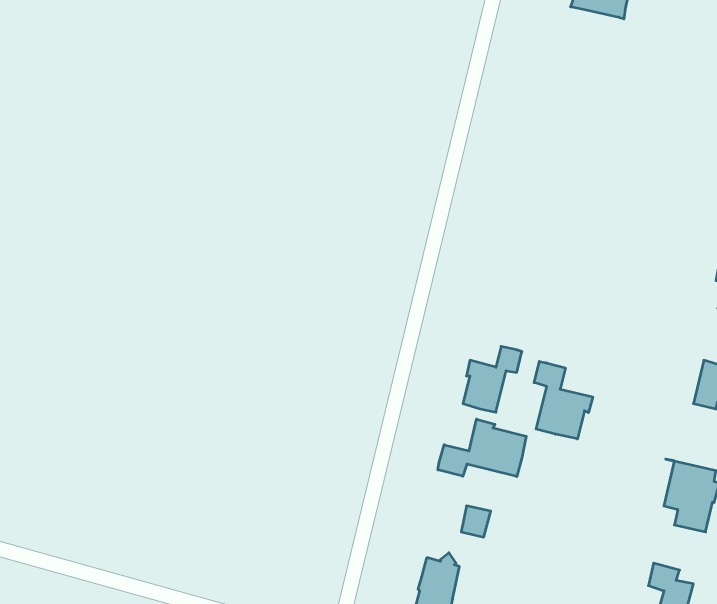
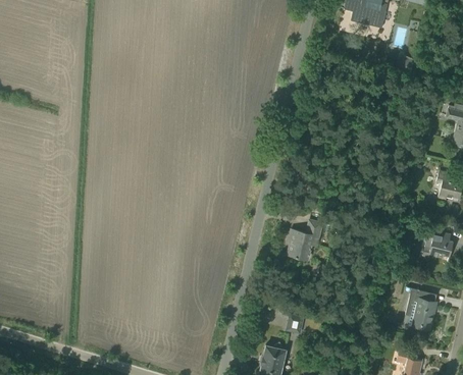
building: [534,361,593,439] -> none
building: [438,419,526,477] -> none

